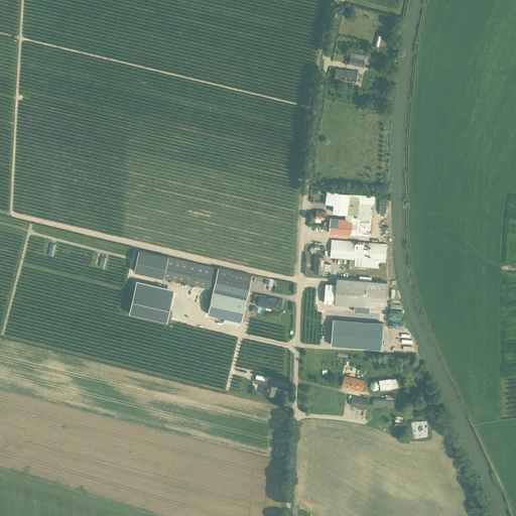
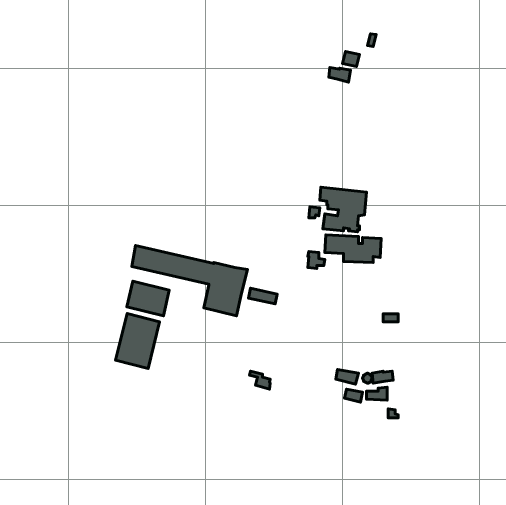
building: [324,279,387,308] -> none
building: [331,319,383,350] -> none
building: none -> [116,313,159,368]

